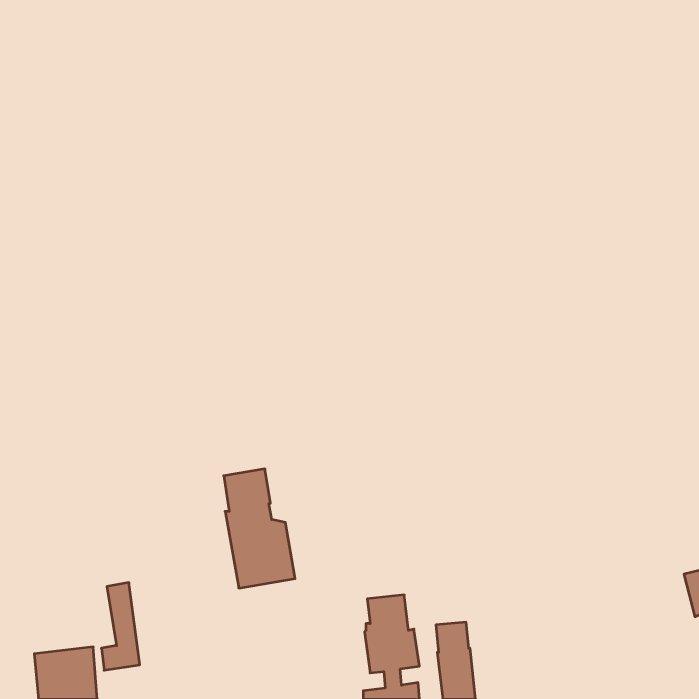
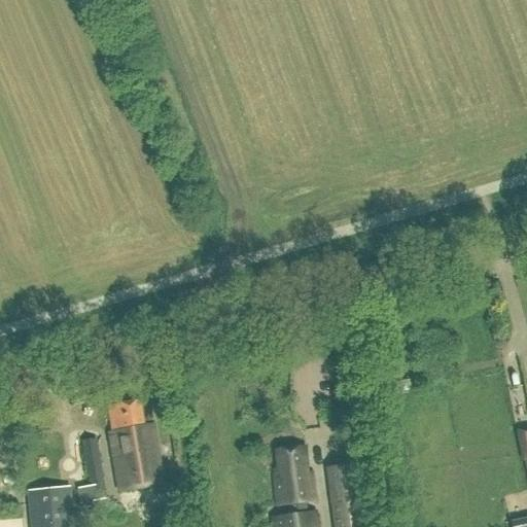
building: [224,469,295,588] -> [109,400,163,490]

